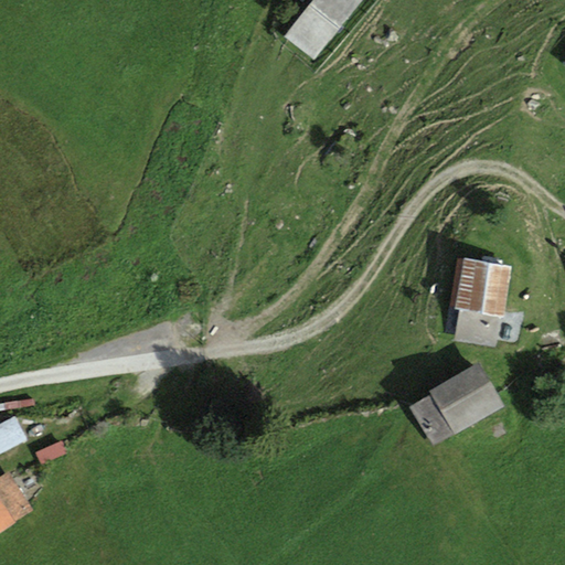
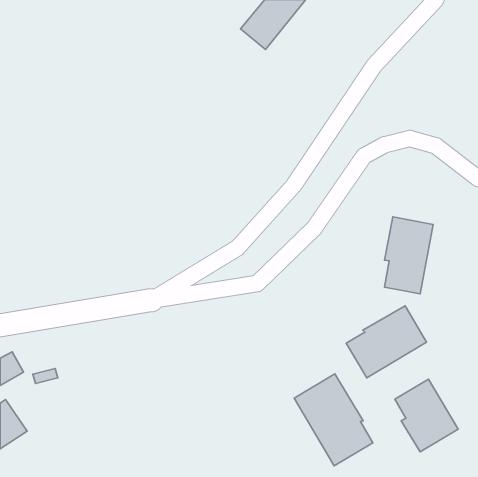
building: none -> [294,374,373,466]
building: none -> [395,379,458,452]

